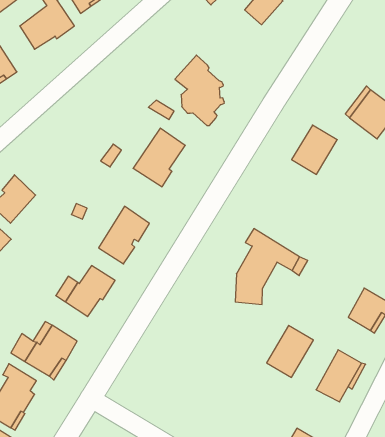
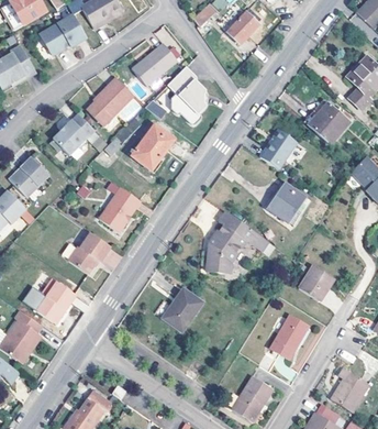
building: none -> [132,43,176,85]
building: none -> [89,77,133,123]
building: none -> [53,113,93,154]
building: none -> [270,184,305,221]
building: [267,325,313,377] -> [163,289,202,332]

